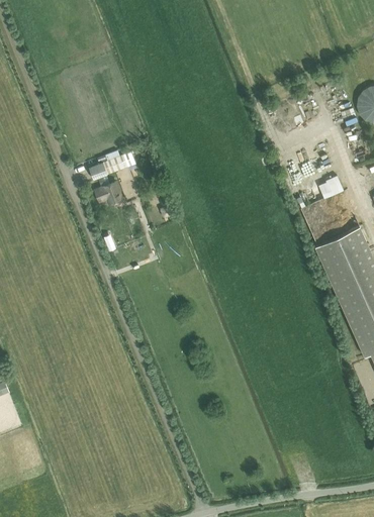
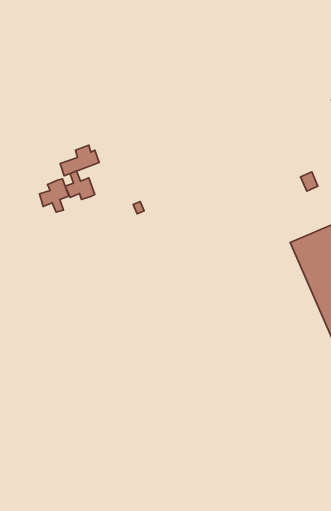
building: none -> [40,179,69,212]

